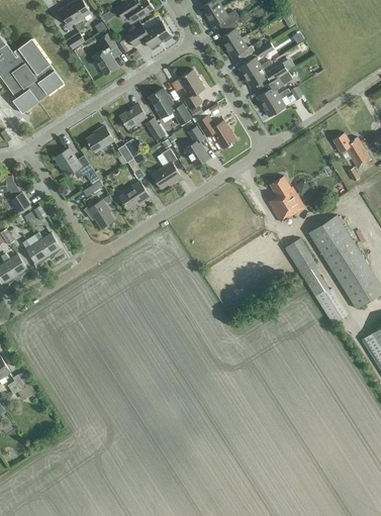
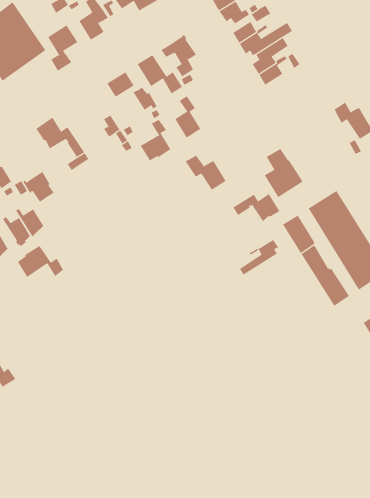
building: none -> [48,25,78,71]
building: [196,115,235,148] -> [185,155,227,190]
building: [86,125,113,152] -> none
building: [118,181,149,209] -> none
building: [83,199,113,228] -> [22,171,55,202]
building: none -> [233,193,280,222]
building: none -> [239,239,279,275]
building: none -> [17,245,64,278]

